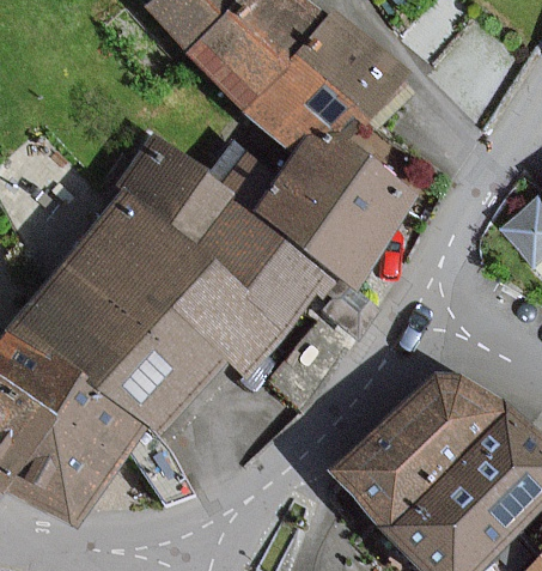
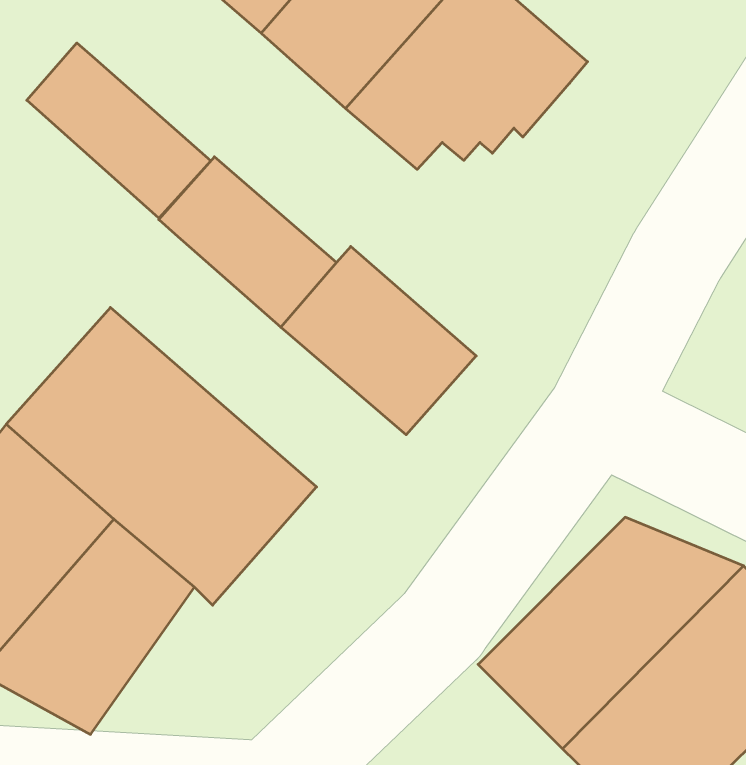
building: none -> [27,43,211,218]
building: [249,127,419,281] -> none
building: [89,188,286,372] -> none

